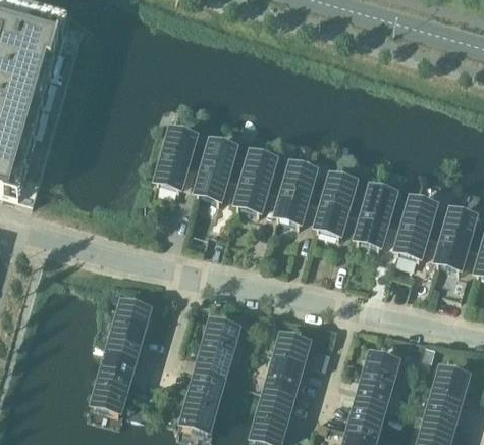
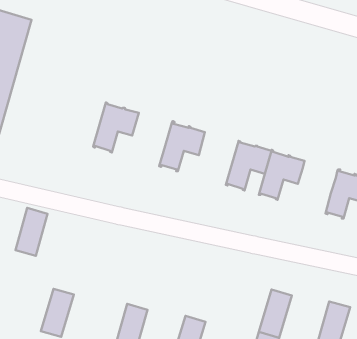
building: [196,139,251,199] -> none
building: [276,162,331,222] -> none
building: [395,196,450,256] -> none
building: [108,301,147,359] -> [15,208,48,256]
building: [197,319,235,378] -> none
building: [267,335,306,392] -> none

